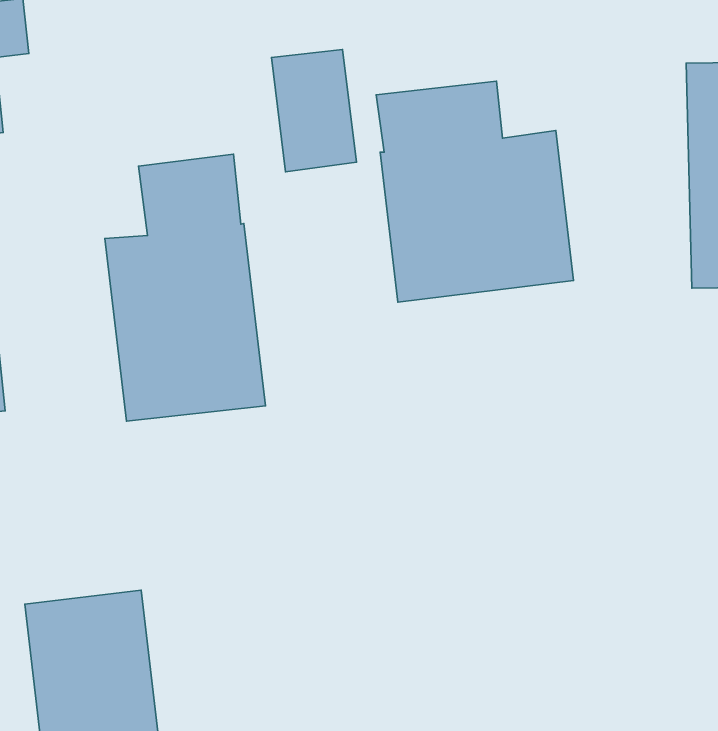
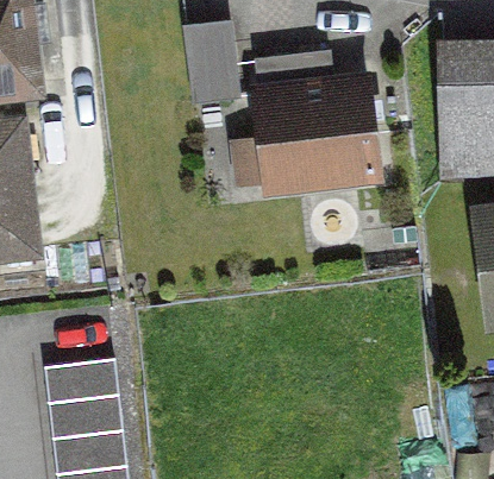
building: [105,154,265,421] -> none

